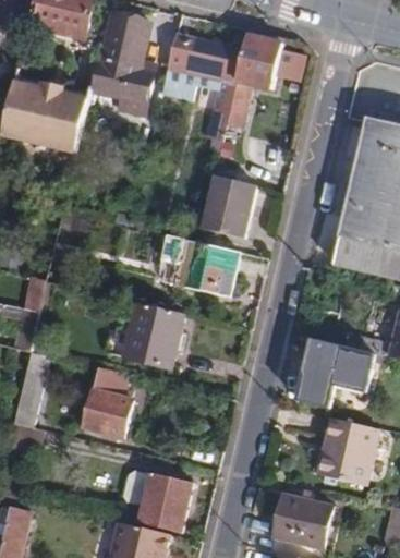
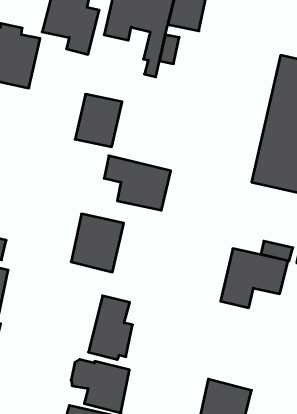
building: [202,174,256,235] -> [75,94,122,147]
building: [81,366,132,440] -> [88,296,133,360]
building: [316,417,377,485] -> none

